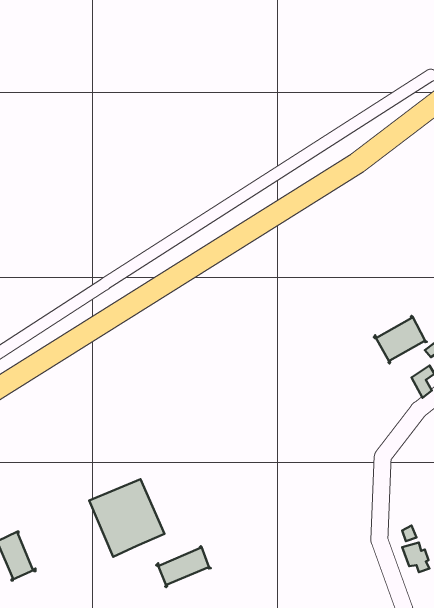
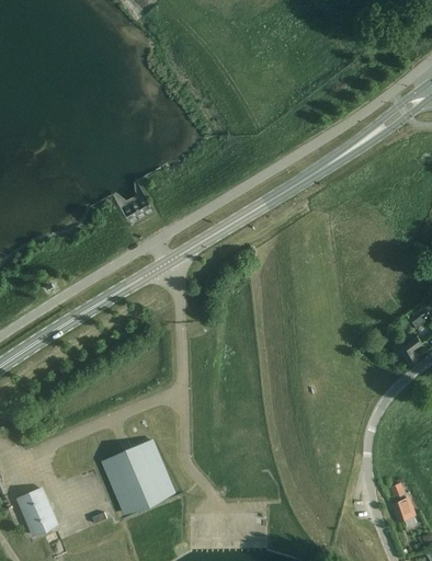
building: [374,316,427,363] -> none
building: [156,546,211,587] -> none

